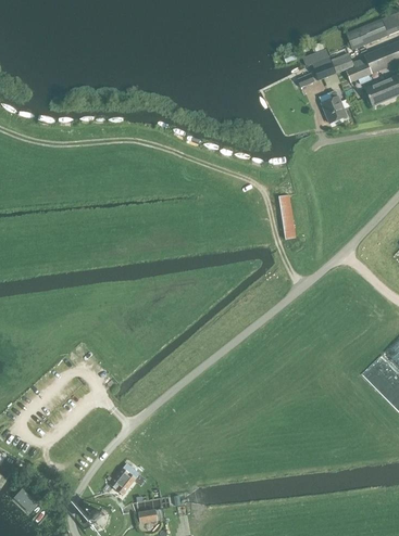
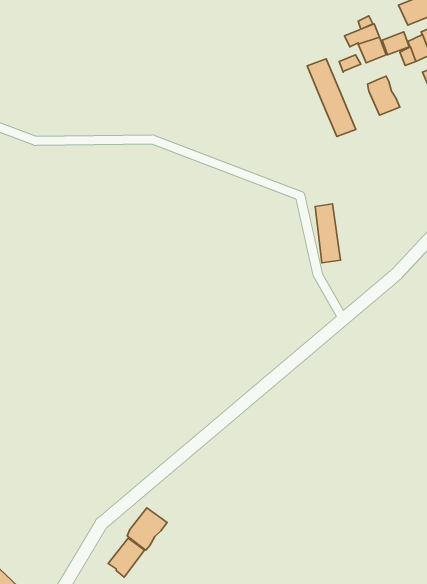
building: none -> [307,59,356,136]
building: none -> [127,508,167,550]

